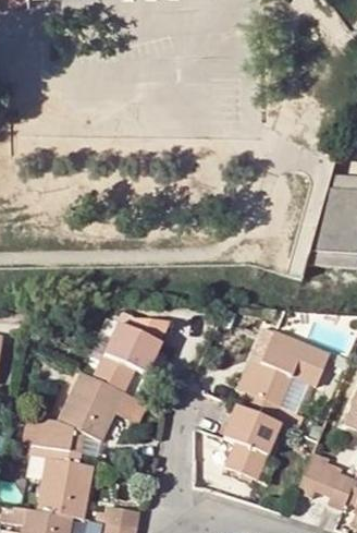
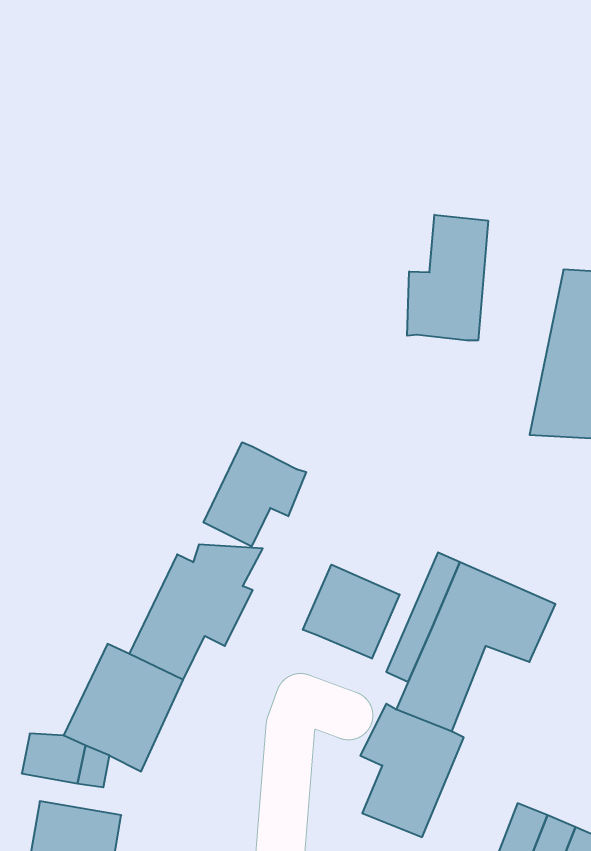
building: none -> [407,215,488,340]
building: none -> [204,442,306,547]
building: none -> [303,565,400,659]

